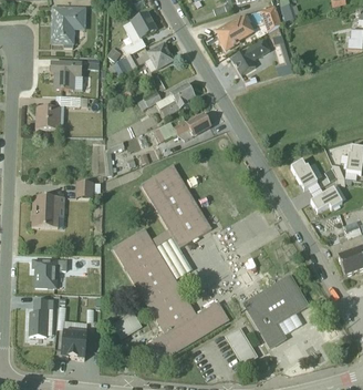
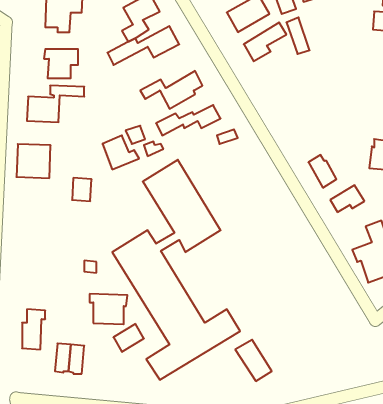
building: [32,195,63,226] -> [16,144,51,178]
building: [32,259,66,287] -> [90,294,127,324]
building: [243,275,308,347] -> none

